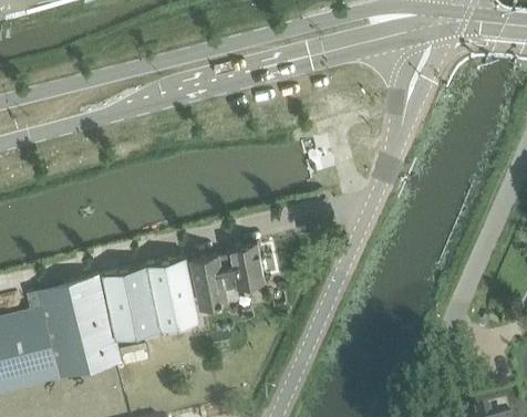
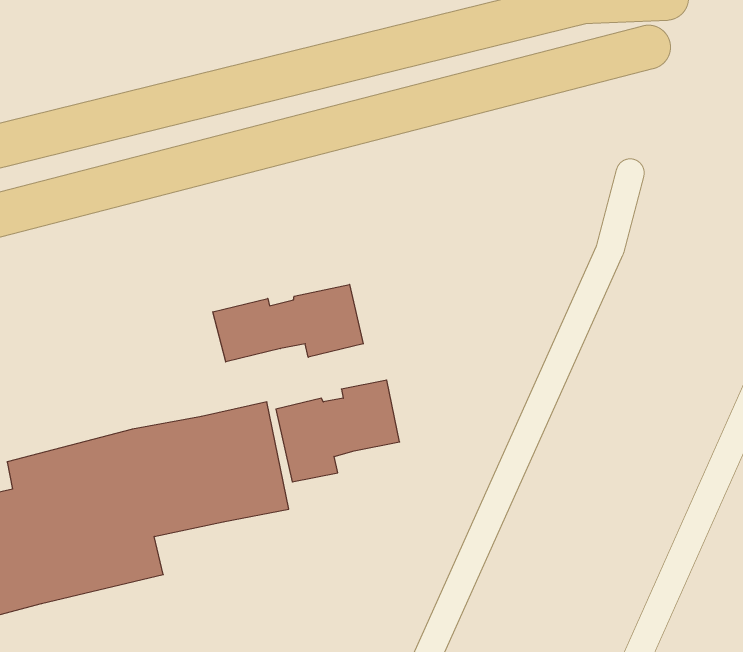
building: none -> [213,284,363,362]

